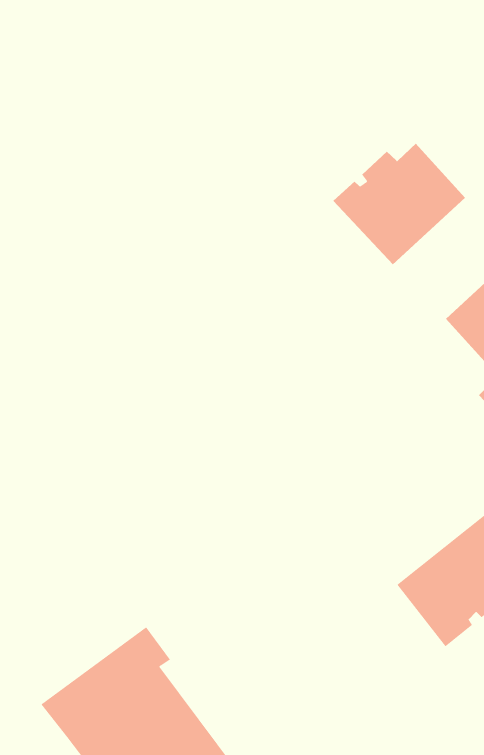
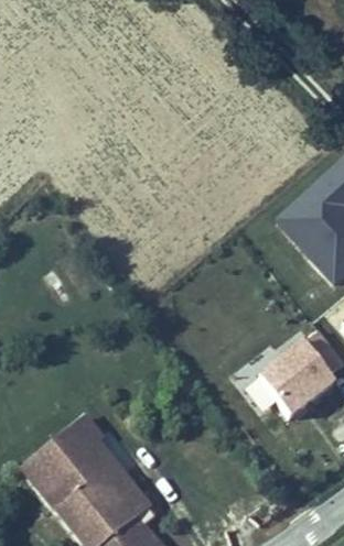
building: [333,143,466,265] -> none

